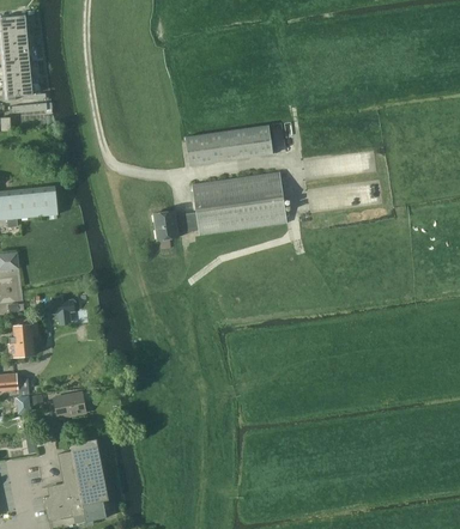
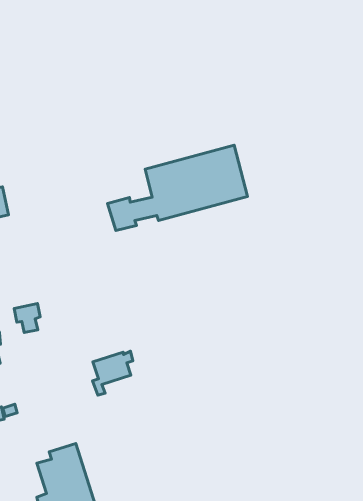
building: [186,124,273,165] -> none
building: [50,390,91,428] -> [92,351,133,395]

